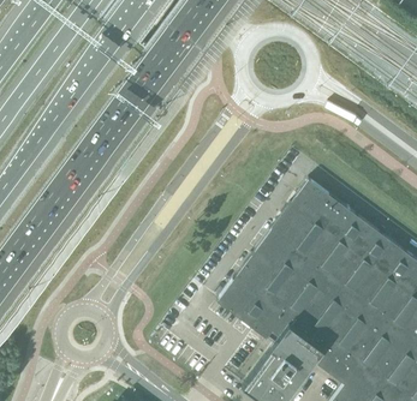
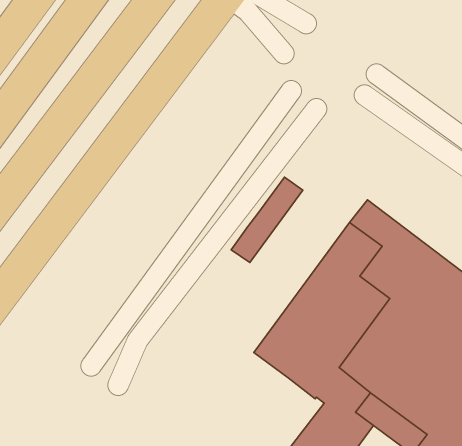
building: none -> [231,177,303,263]

